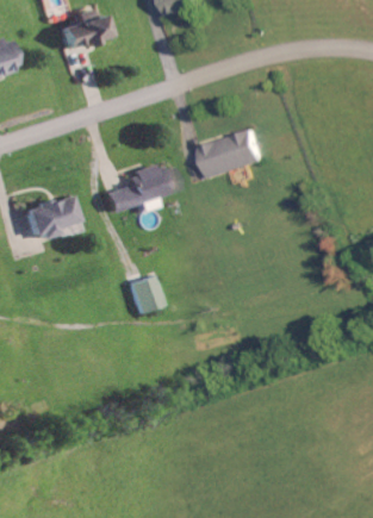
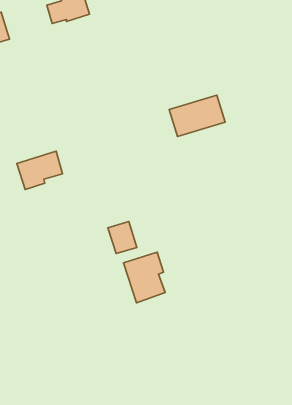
building: [104,164,178,211] -> none
building: none -> [124,252,165,303]

